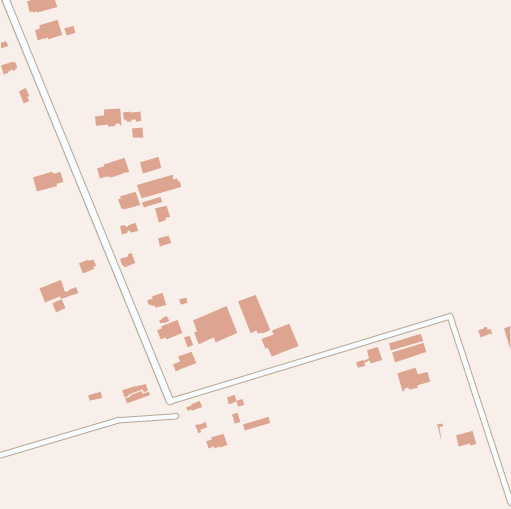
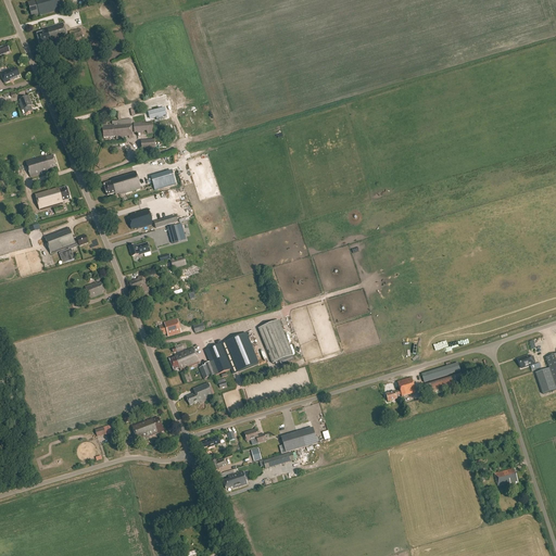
building: none -> [26,154,58,176]
building: [136,174,182,199] -> none
building: [39,279,80,313] -> [45,226,89,263]
building: [260,323,300,357] -> none
building: [396,367,431,392] -> none
building: none -> [281,427,317,452]

